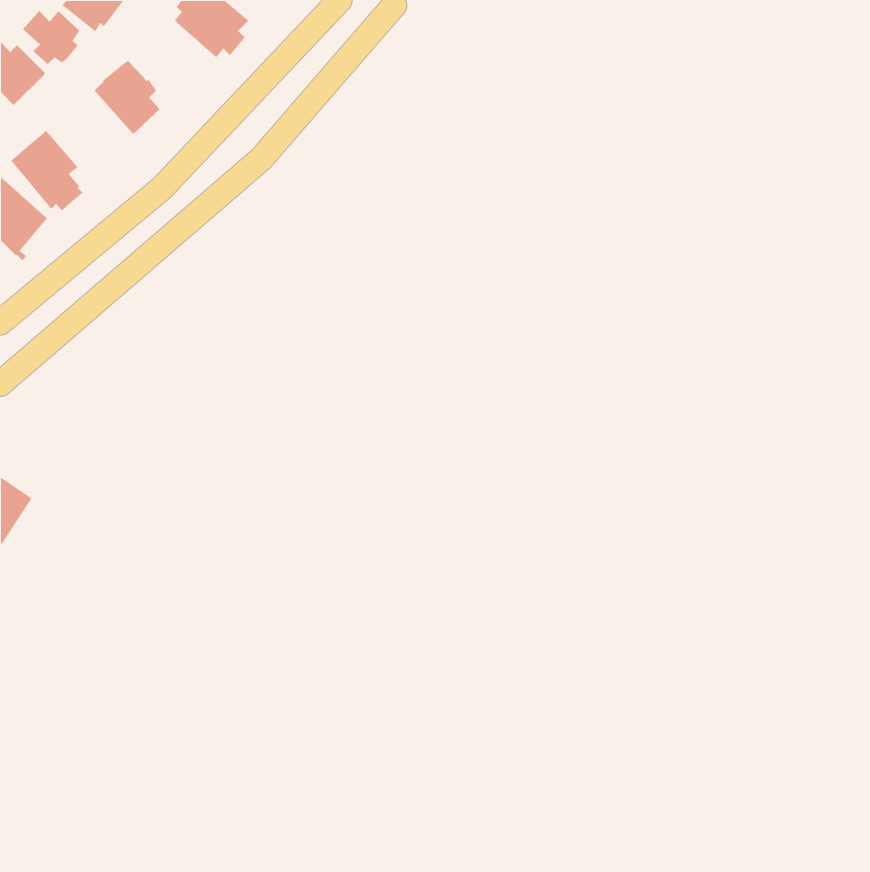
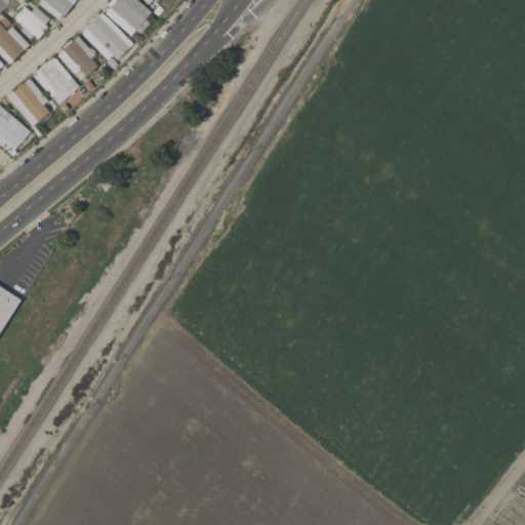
building: none -> [81,12,133,59]
building: none -> [33,56,79,105]

